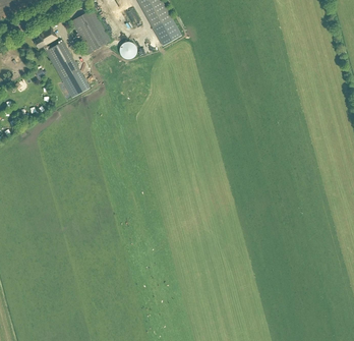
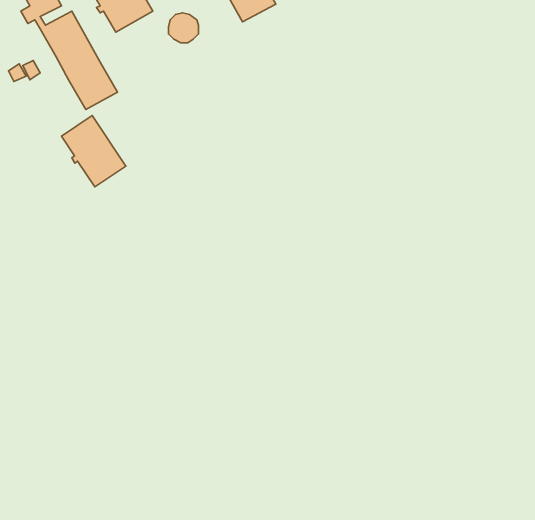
building: none -> [61,116,126,187]

